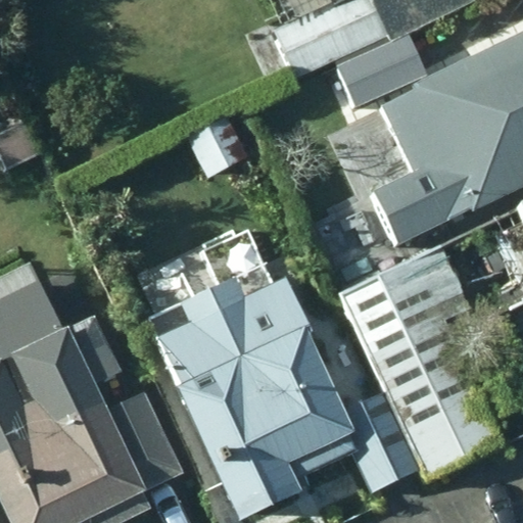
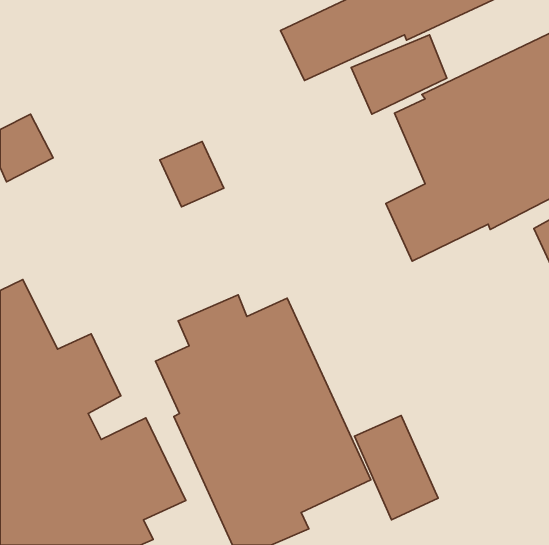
building: [339,243,504,479] -> none

